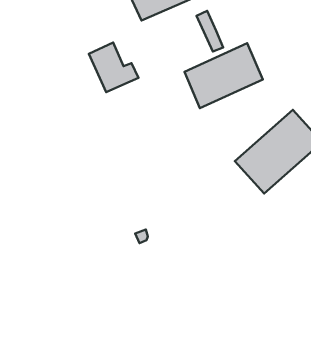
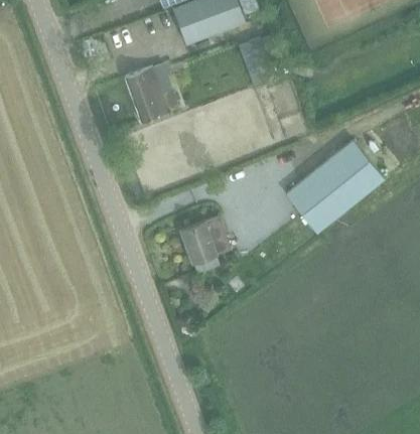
building: [184,43,263,108] -> none
building: none -> [180,211,230,267]

